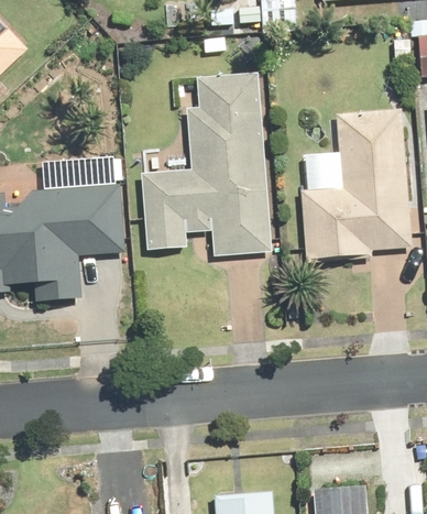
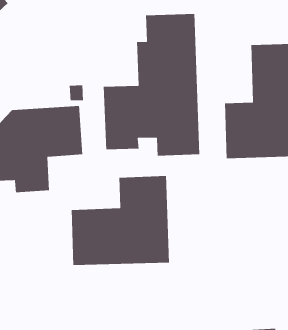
building: none -> [71,175,170,266]

